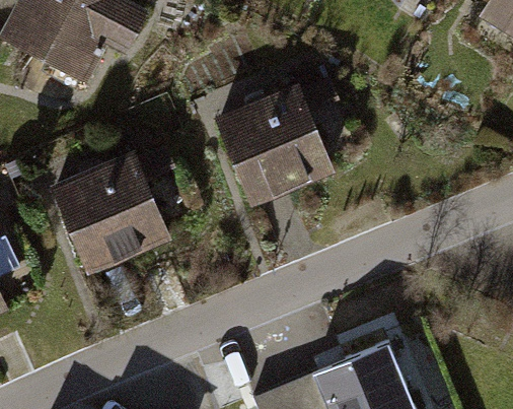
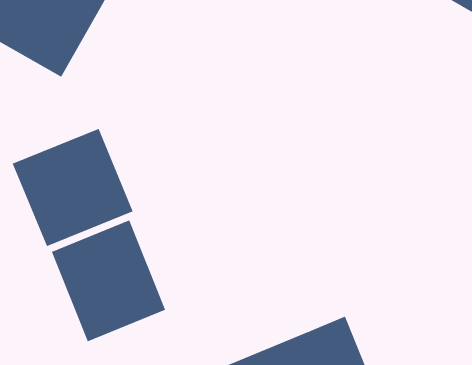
building: [218,87,337,205] -> none
building: none -> [51,220,166,342]

